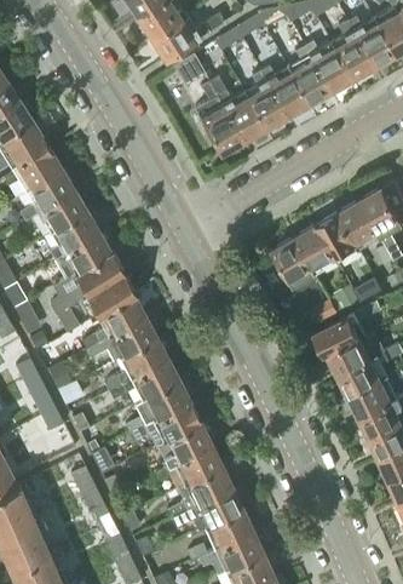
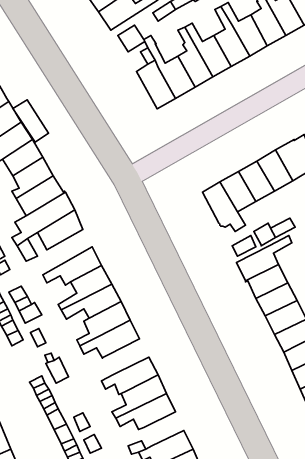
building: none -> [13,100,48,142]
building: [81,293,144,348] -> none
building: [157,422,211,464] -> none
building: [205,508,252,548] -> none

